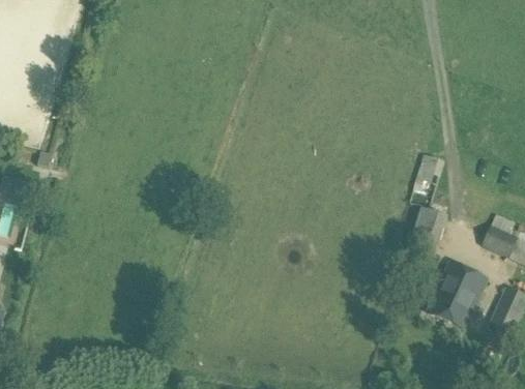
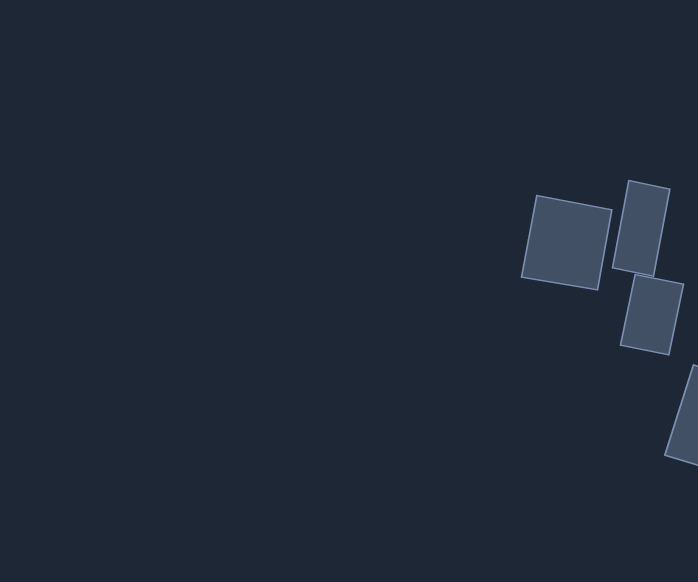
building: none -> [522,195,612,290]

